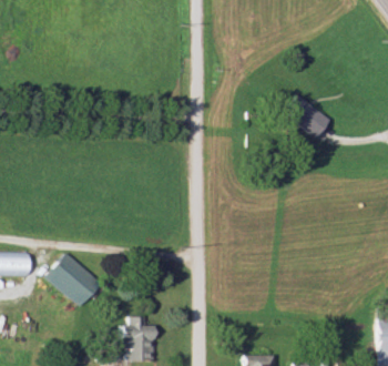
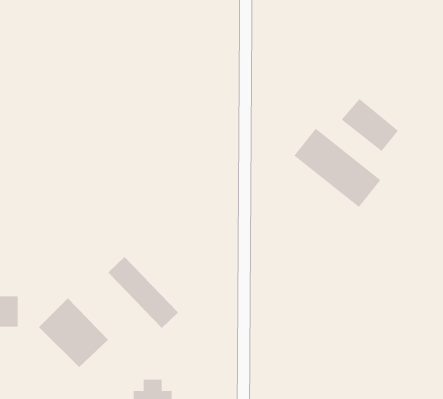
building: none -> [294,128,381,208]
building: none -> [108,256,179,329]

